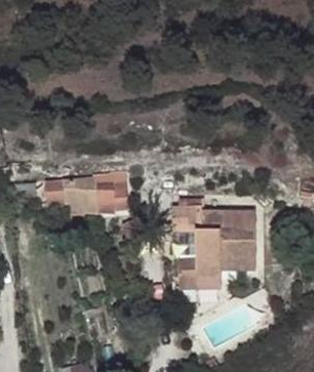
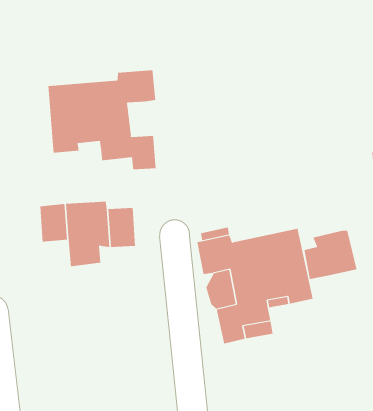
building: none -> [48,70,156,170]
building: none -> [304,230,357,280]

